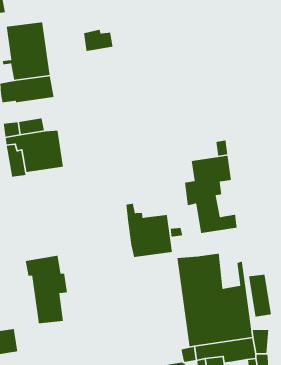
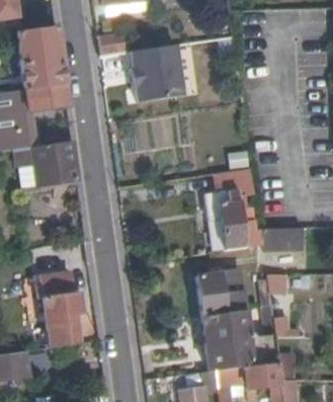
building: none -> [133,46,186,102]
building: [126,203,173,258] -> none
building: none -> [259,227,303,251]

